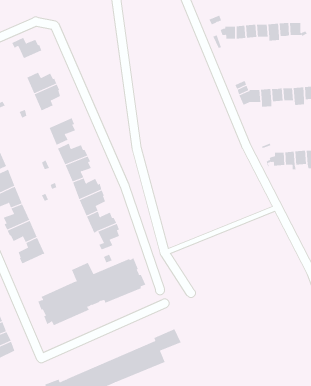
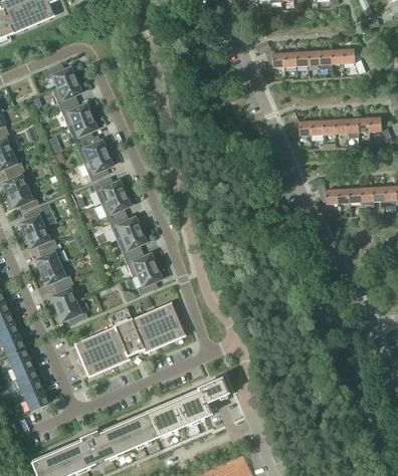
building: none -> [51,78,80,107]
building: none -> [75,138,109,162]
building: none -> [54,298,86,321]

